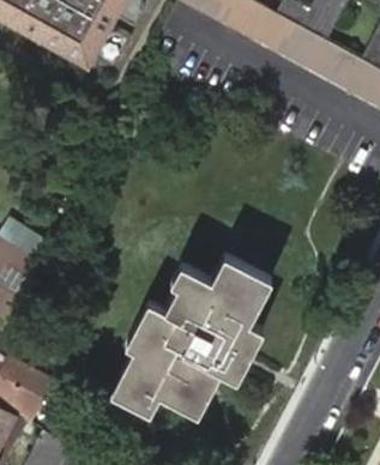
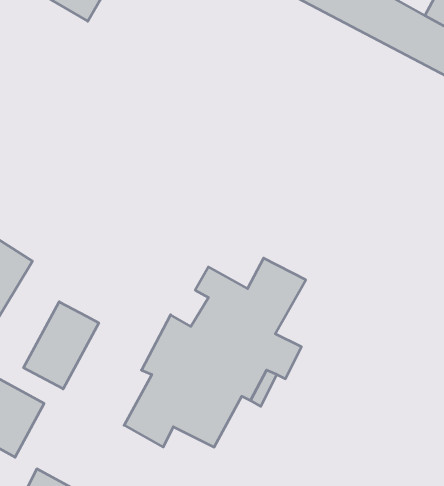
building: none -> [24,302,99,389]

